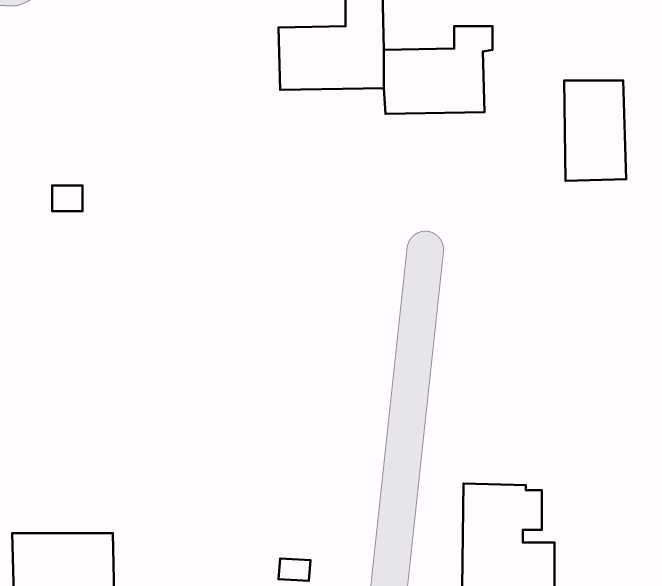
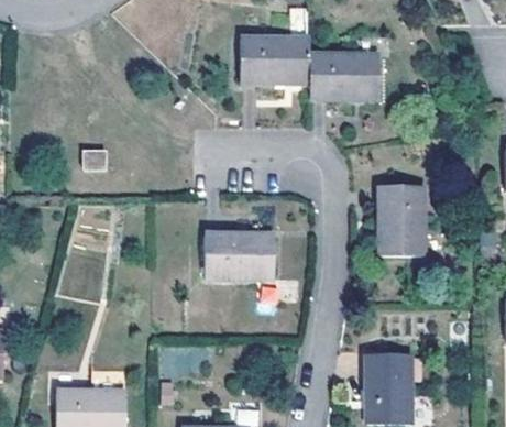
building: [564,80,626,181] -> [378,191,421,261]
building: none -> [202,231,273,277]

